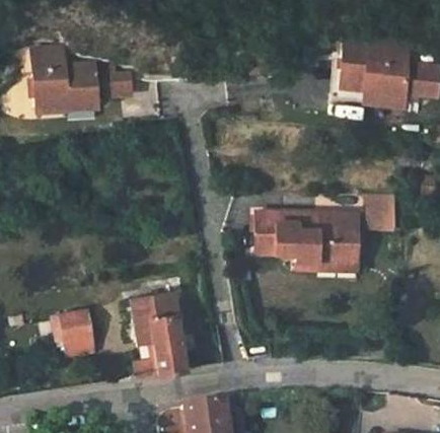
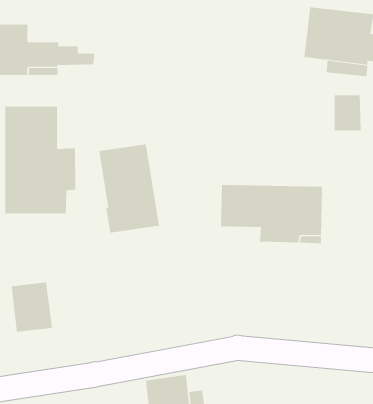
building: none -> [5,106,76,214]
building: [367,194,394,229] -> [334,95,362,131]
building: [124,291,185,379] -> [98,144,160,233]

